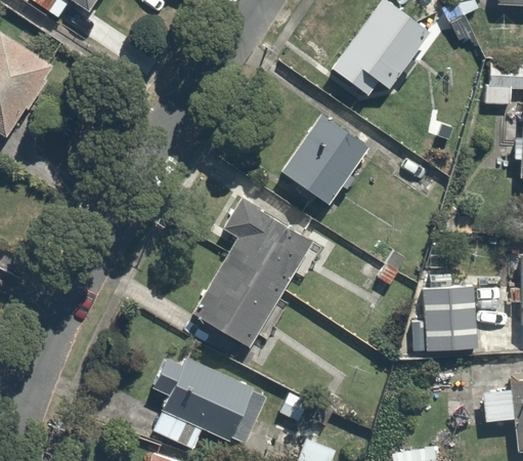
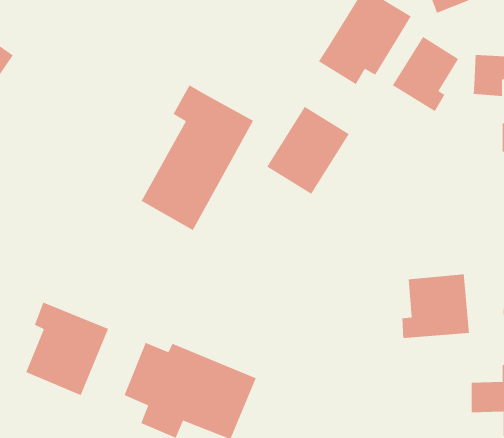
building: none -> [392,36,459,112]
building: [198,203,310,348] -> [141,84,254,231]
building: none -> [25,302,109,396]

